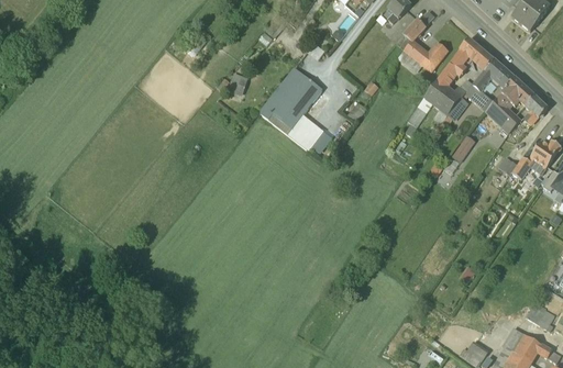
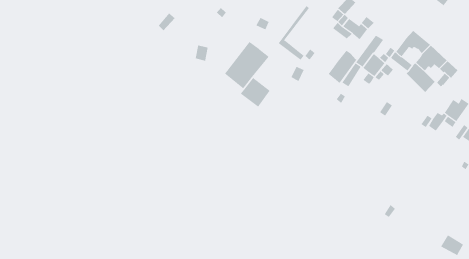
building: [449,36,494,69] -> none
building: [260,68,298,134] -> [278,5,310,61]
building: none -> [328,50,357,84]

